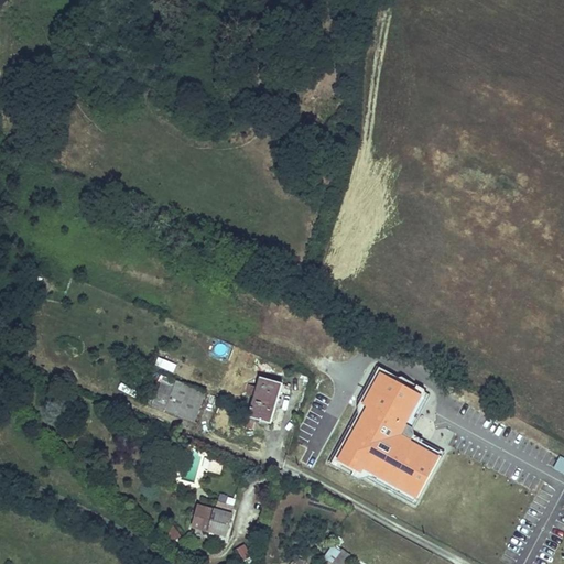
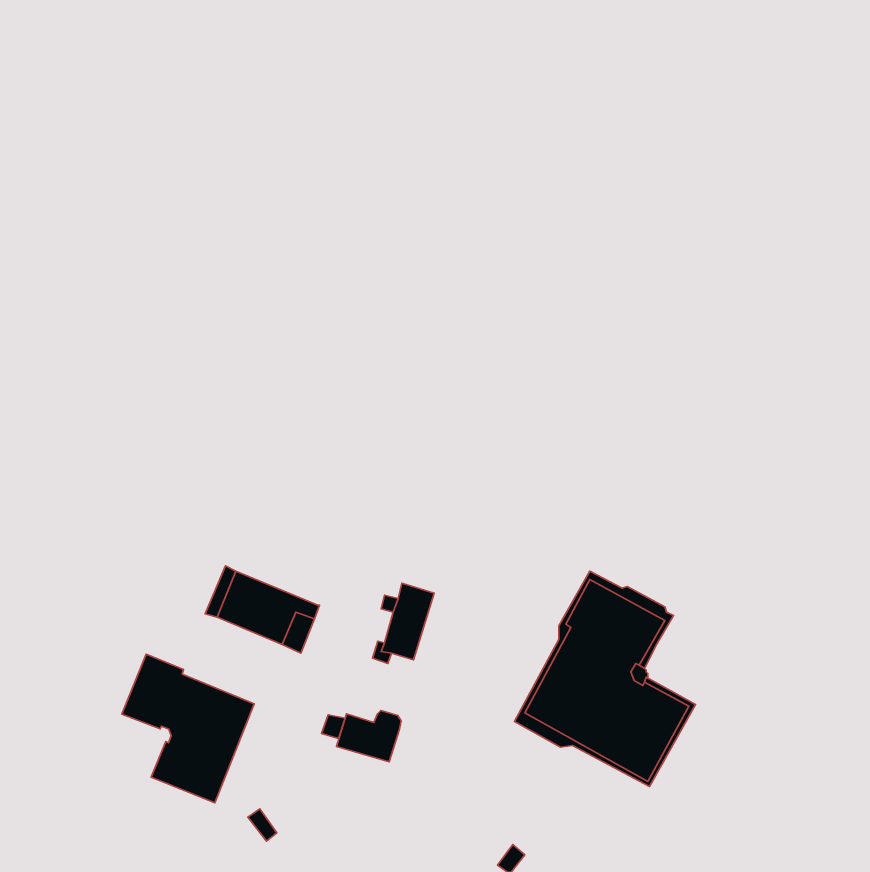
building: none -> [122,654,254,803]
building: [188,505,230,538] -> [336,710,401,762]

